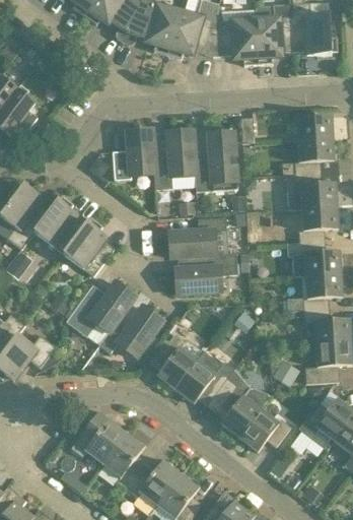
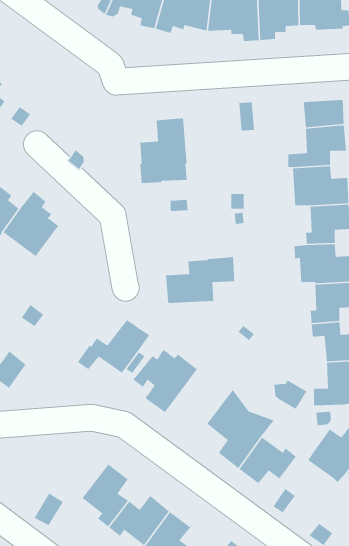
building: [113,129,155,180] -> none
building: [195,132,237,191] -> none
building: [64,216,115,276] -> none
building: [170,217,228,257] -> none
building: [66,281,136,343] -> none
building: [176,350,235,403] -> none
building: [70,410,127,463] -> none

